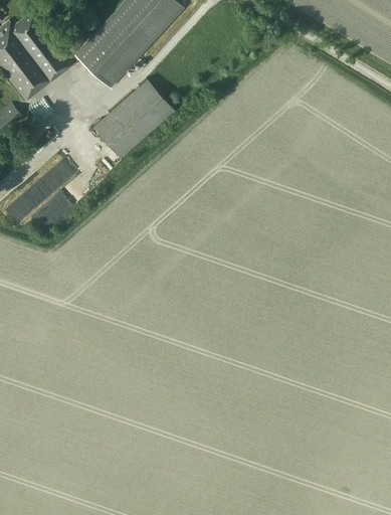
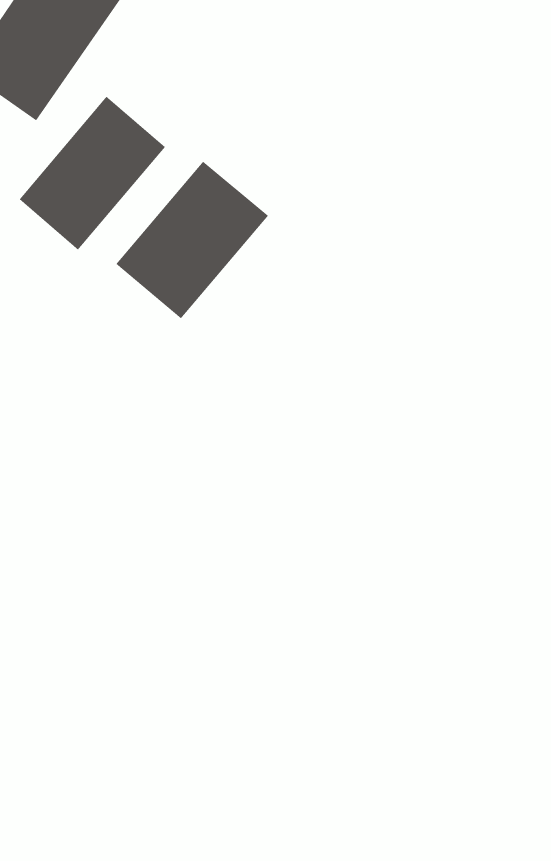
building: none -> [115,161,269,319]

